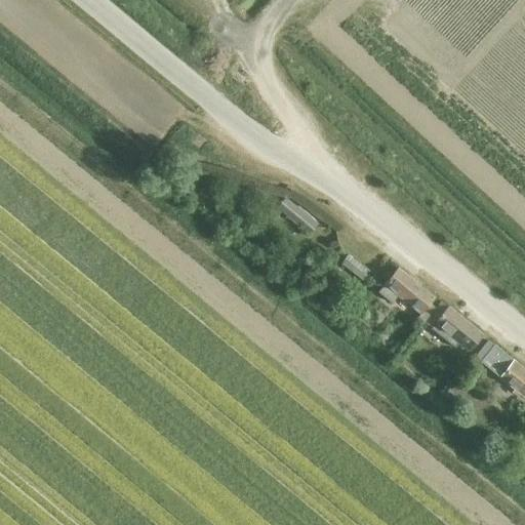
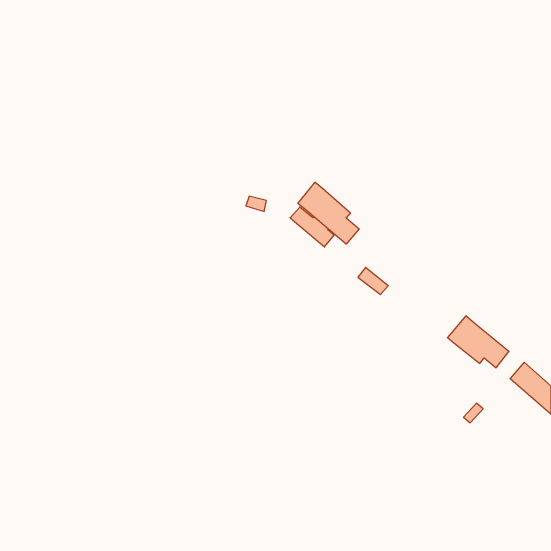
building: none -> [298,182,359,244]
building: [379,269,435,322] -> none

